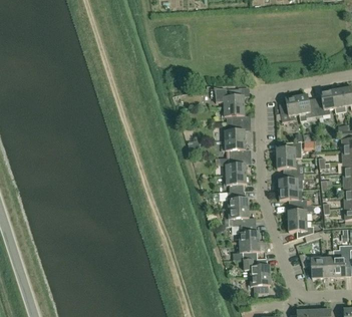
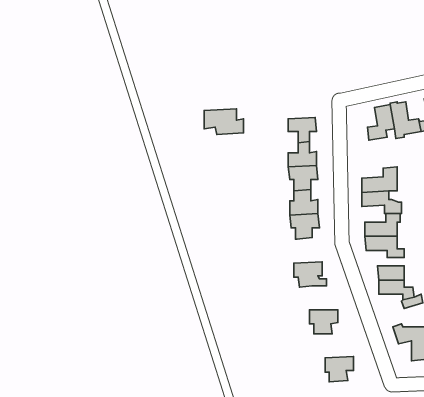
building: [216,88,244,106] -> [204,109,244,134]
building: [220,191,249,209] -> none
building: [232,225,260,242] -> none
building: [245,258,271,276] -> none

